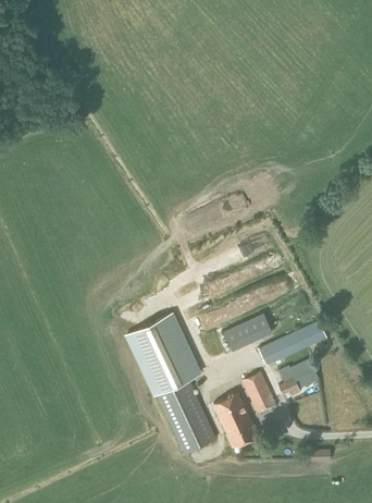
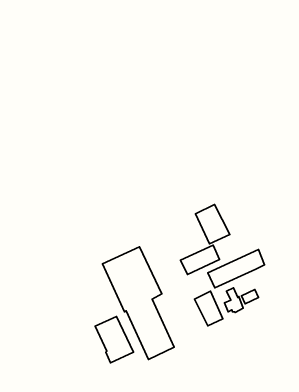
building: none -> [196,205,230,244]
building: [212,391,259,447] -> [95,317,133,363]

